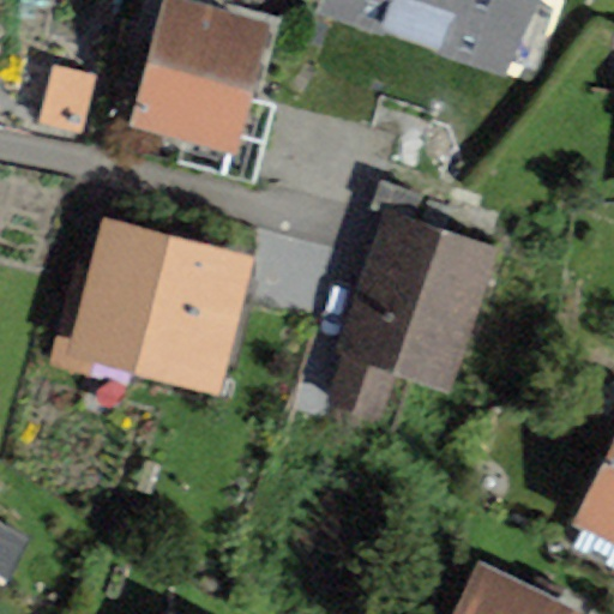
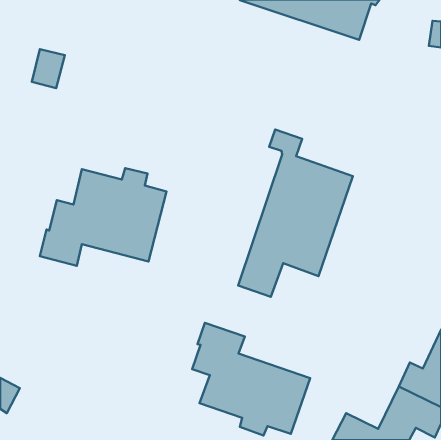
building: [136,5,255,174] -> none
building: none -> [192,323,310,436]

